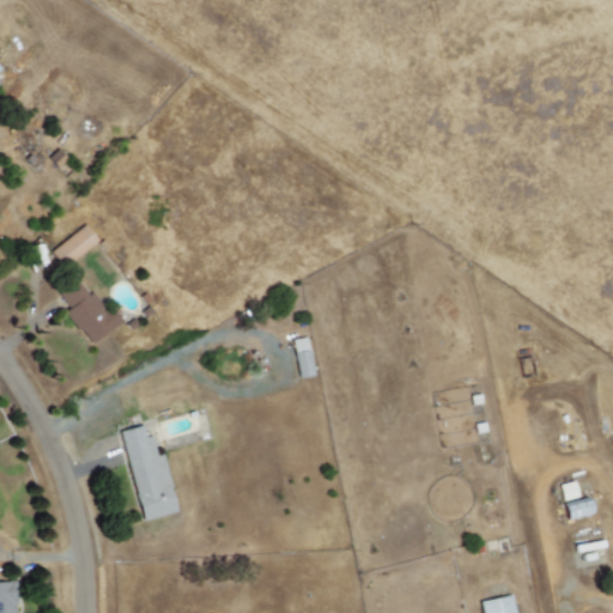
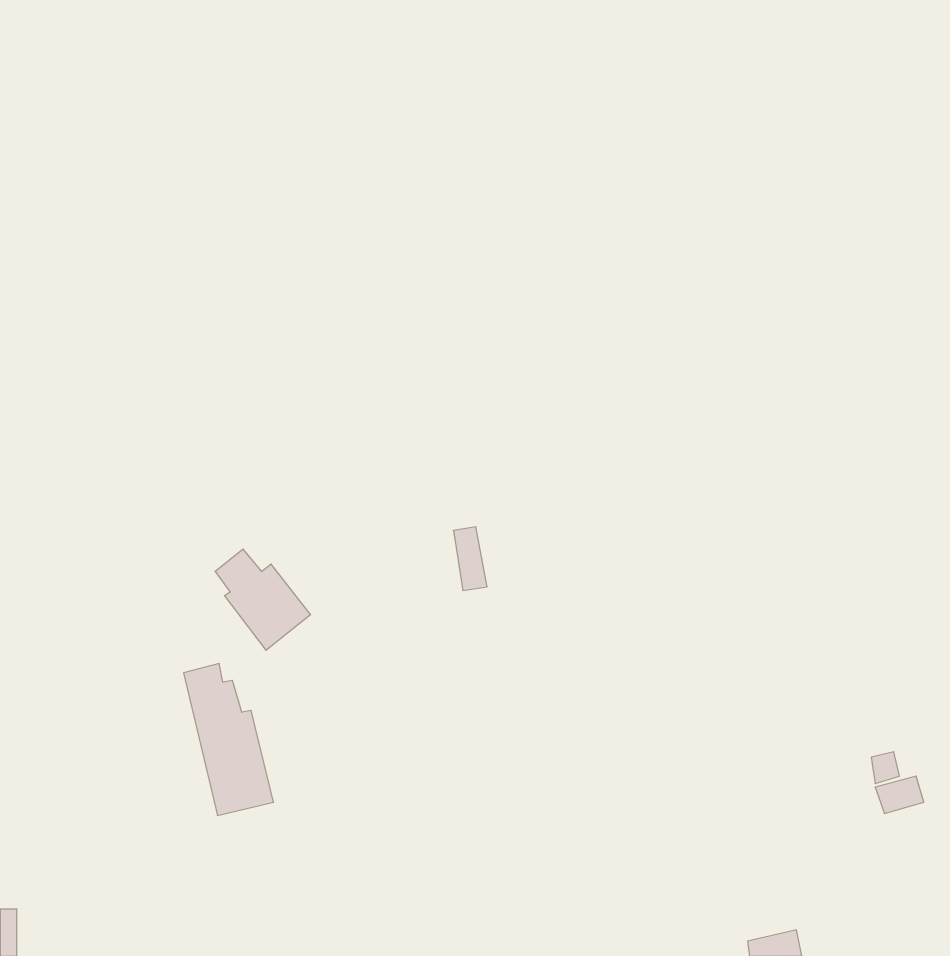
building: [54,225,101,266] -> none
building: [61,280,122,345] -> [215,549,311,650]

